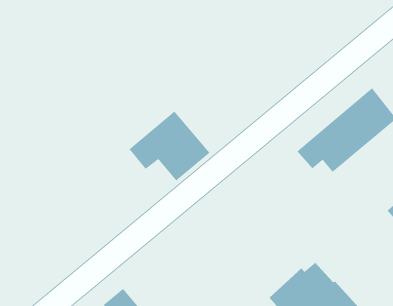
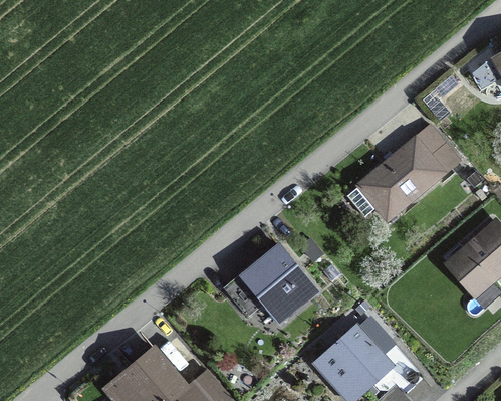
building: [128,111,210,182] -> [227,244,318,324]

